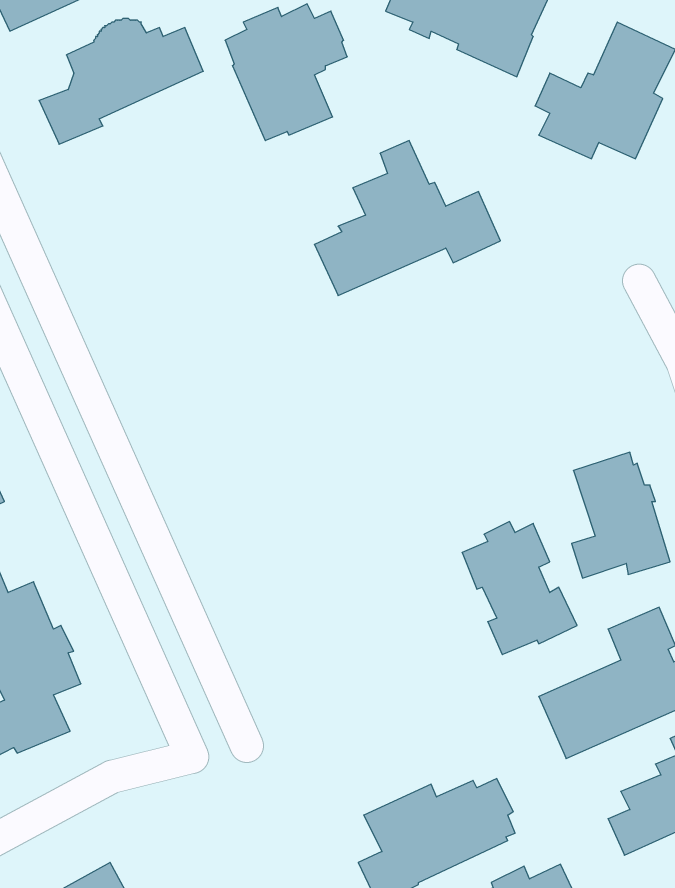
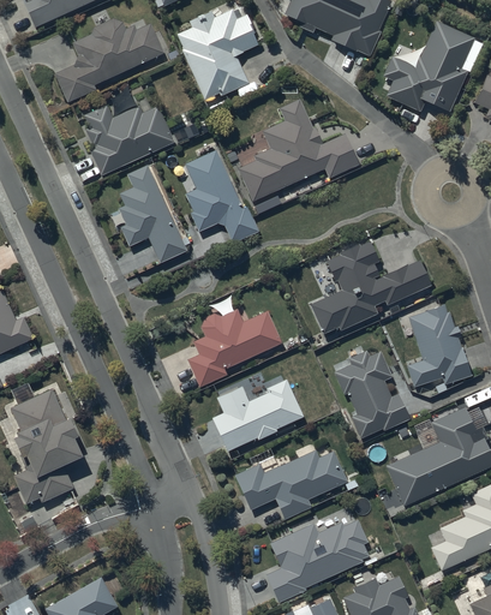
building: none -> [84,105,174,175]
building: none -> [185,150,258,244]
building: none -> [119,165,187,264]
building: none -> [309,241,429,334]
building: none -> [188,306,280,386]
building: none -> [211,381,303,452]
building: none -> [234,450,347,520]

